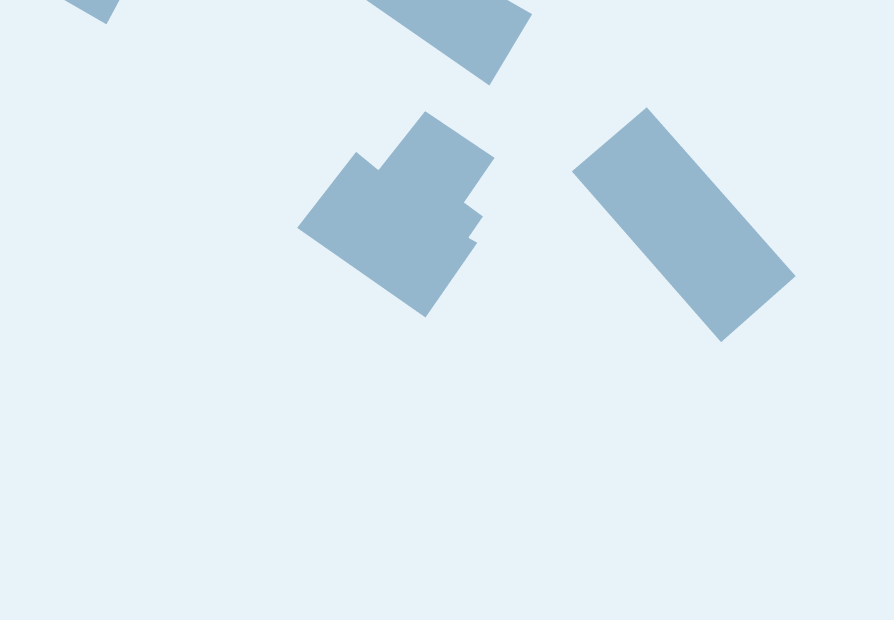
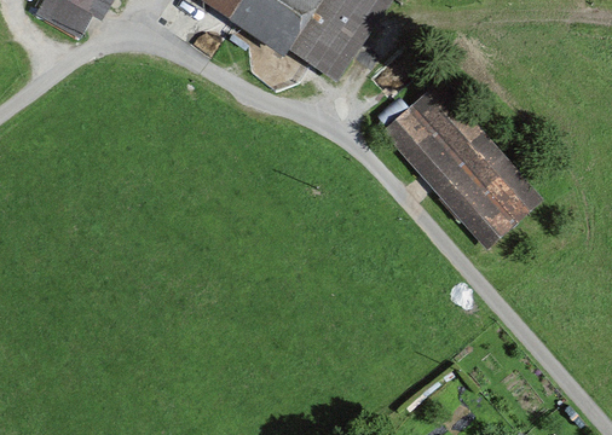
building: [296,110,495,318] -> none

